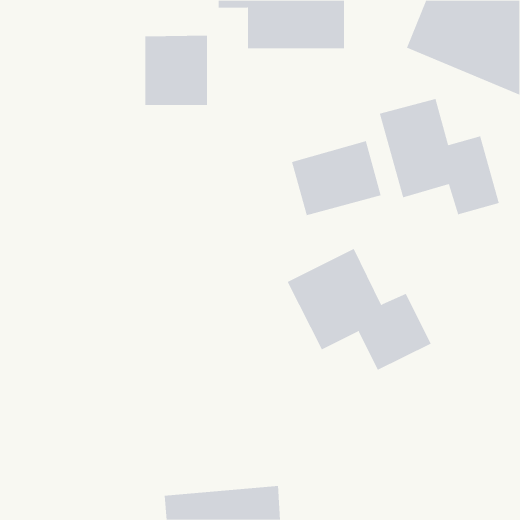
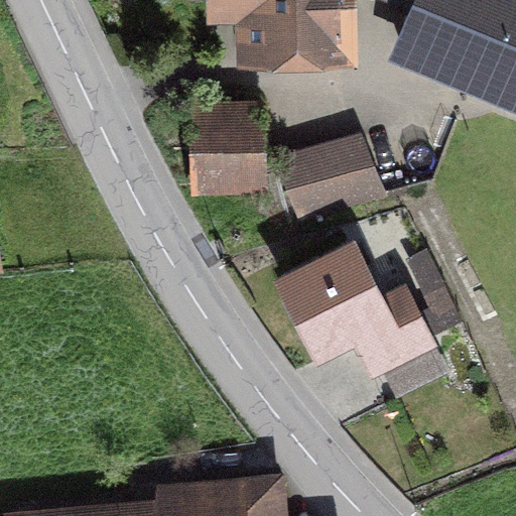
building: [145,35,208,105] -> [194,111,256,180]
building: [379,98,500,215] -> none

